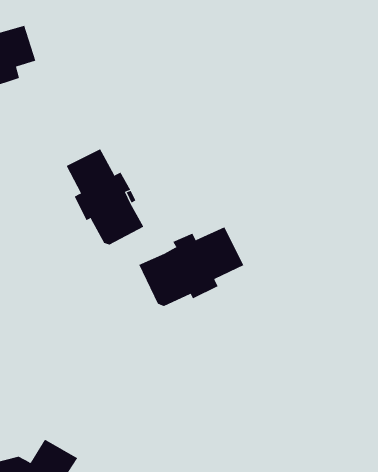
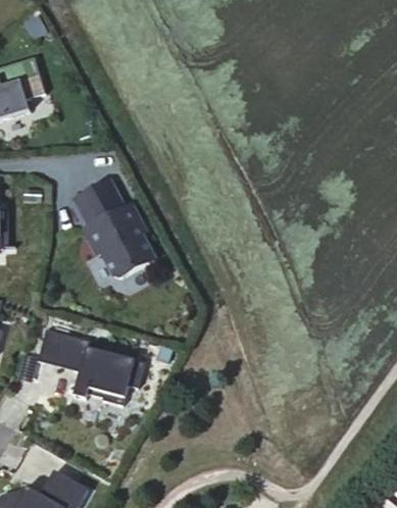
building: [138,226,244,307] -> none
building: none -> [36,328,143,406]

